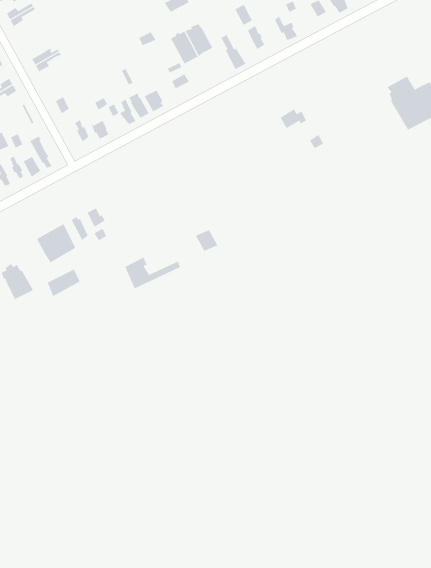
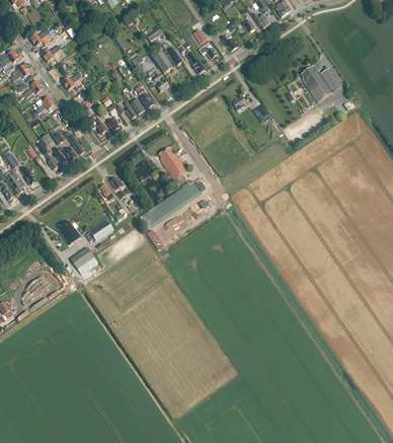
building: none -> [159,146,187,180]
building: [36,224,76,263] -> [70,246,97,274]

